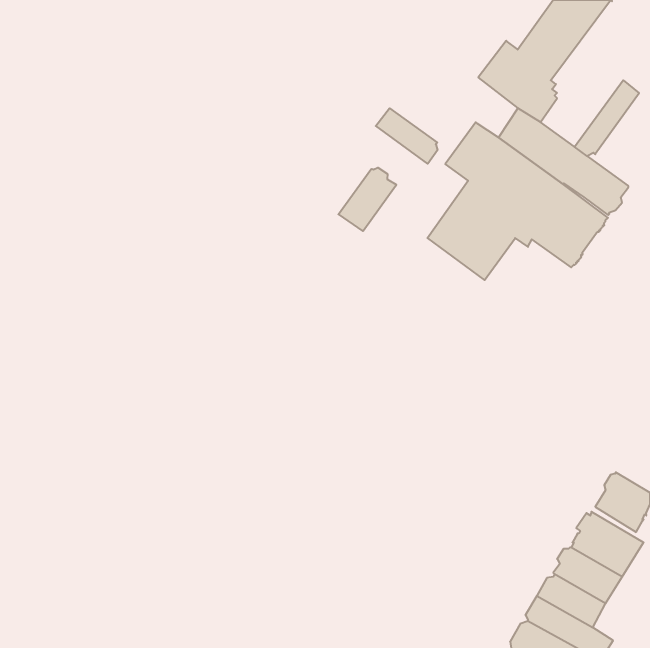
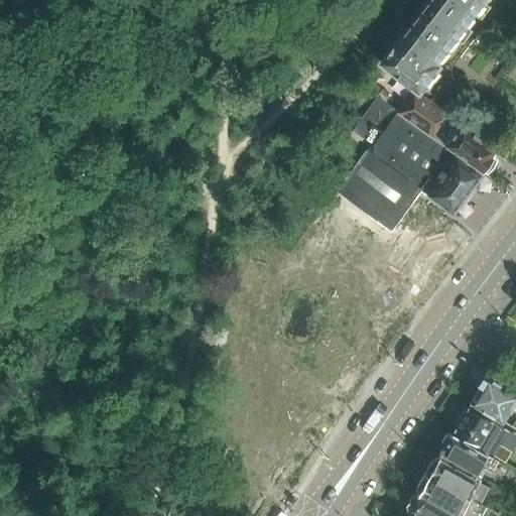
building: [575,80,639,156] -> none
building: [376,108,438,164] -> none
building: [338,168,396,231] -> none

